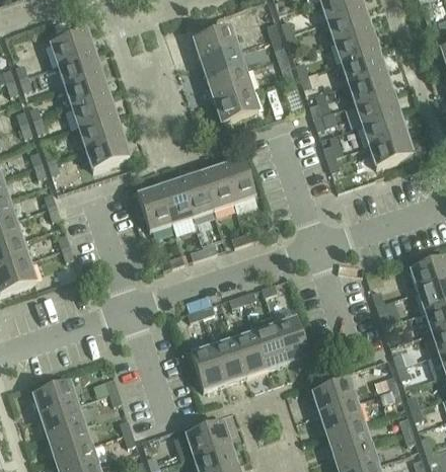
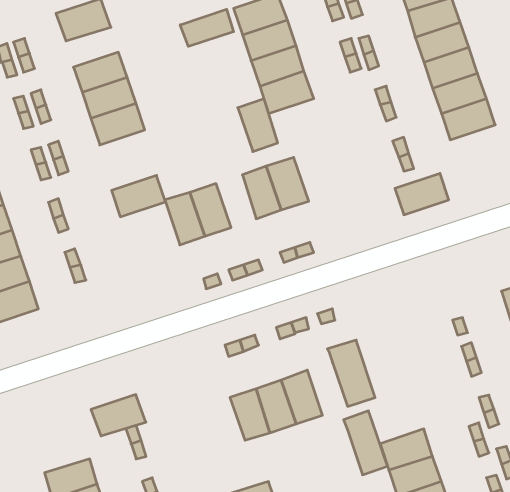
building: none -> [180,9,234,46]
building: [58,53,100,85] -> none
building: [369,132,413,165] -> [395,173,449,215]
building: [85,136,129,169] -> [112,175,165,217]
building: [179,172,212,215] -> [238,99,278,152]
building: [250,315,286,367] -> [344,411,387,475]
building: [32,380,77,413] -> [91,395,146,436]

